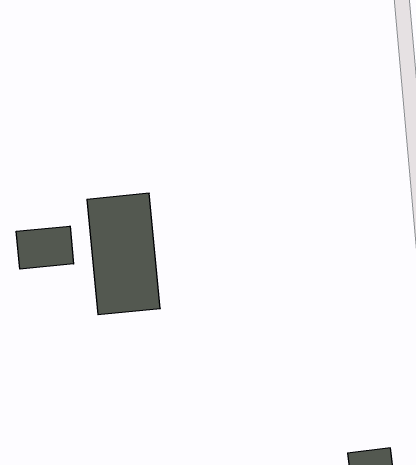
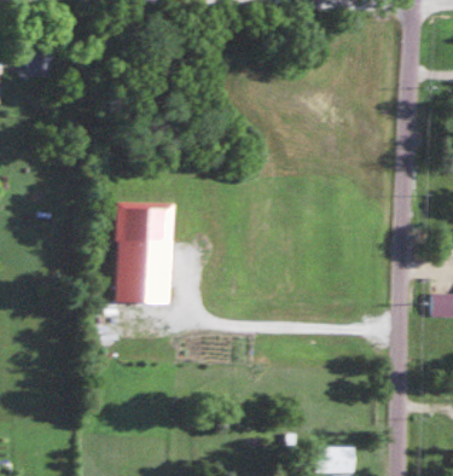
building: [16,226,74,269] -> none

